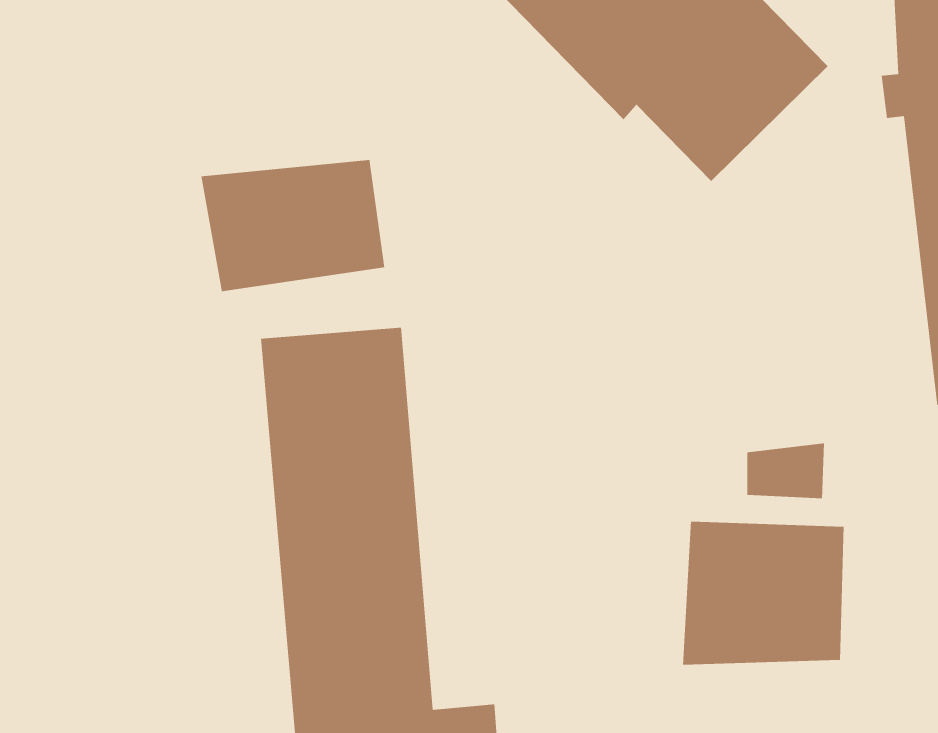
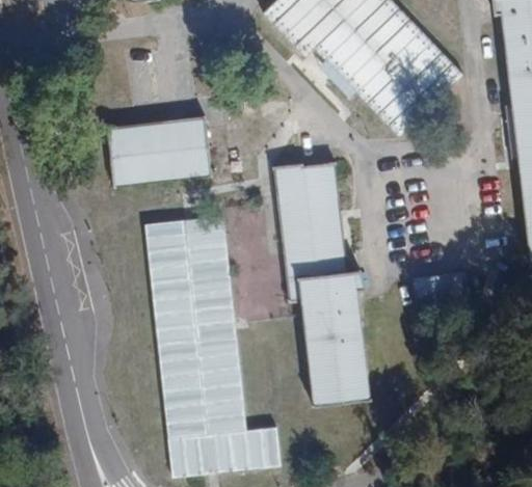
building: none -> [280,166,373,396]
building: [682,521,844,665] -> none

